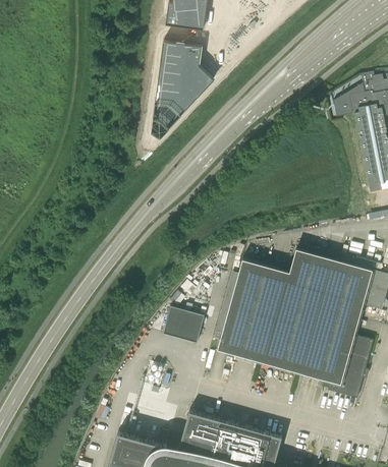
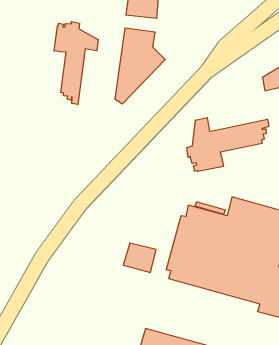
building: none -> [54,22,98,105]
building: none -> [187,118,269,172]

